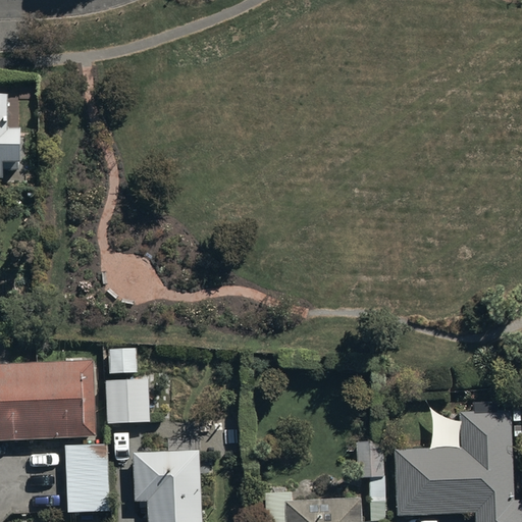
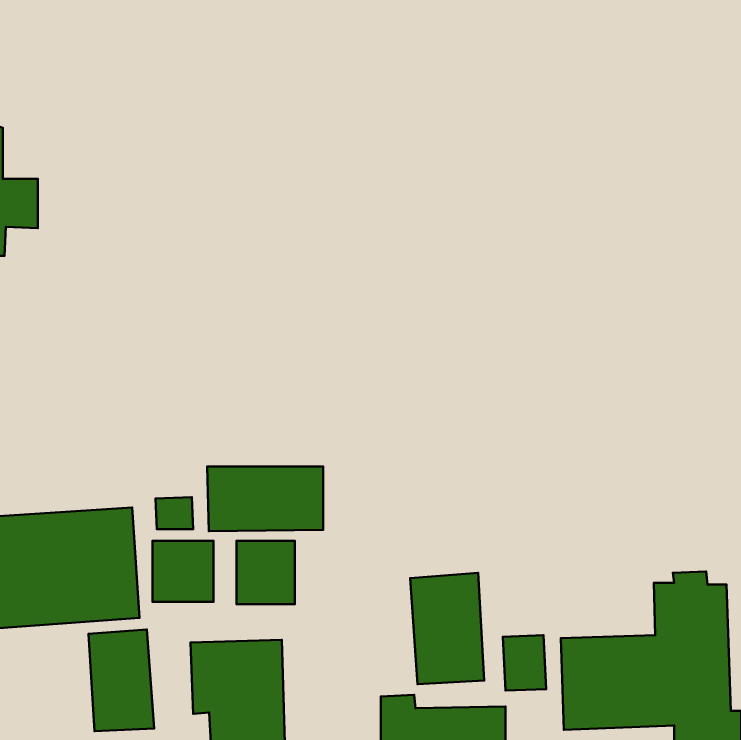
building: none -> [207,467,323,531]
building: none -> [236,541,295,604]
building: none -> [410,573,484,684]

